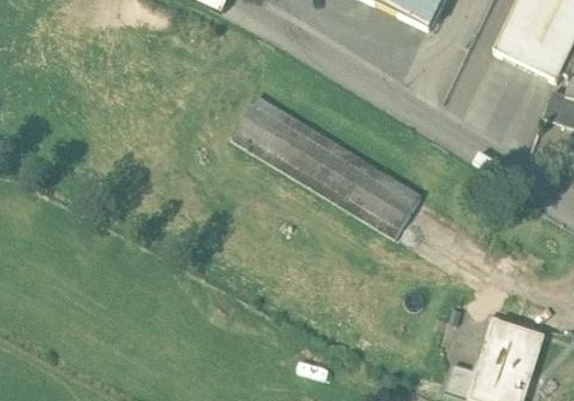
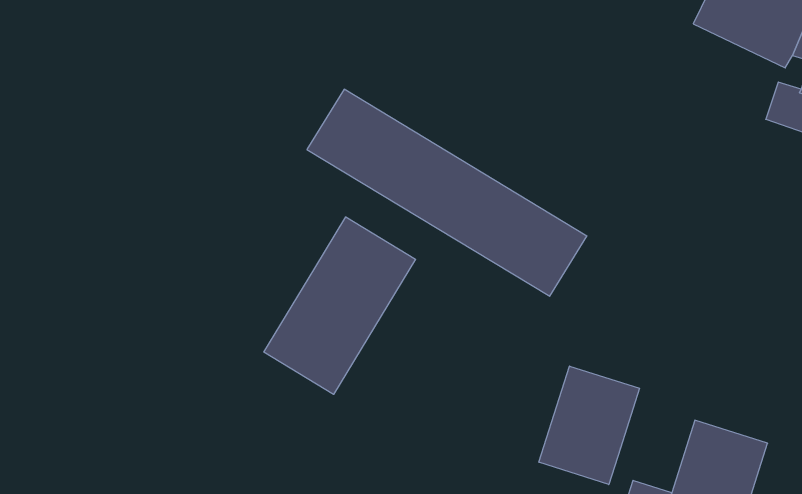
building: none -> [264,217,416,394]
building: none -> [539,366,639,485]

